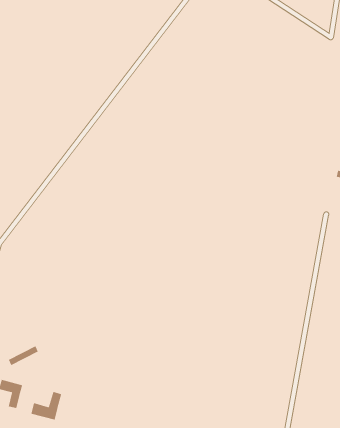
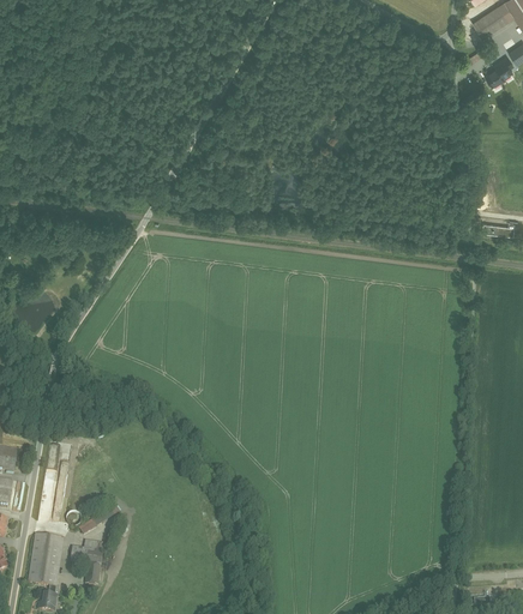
building: [31,391,62,420] -> none

